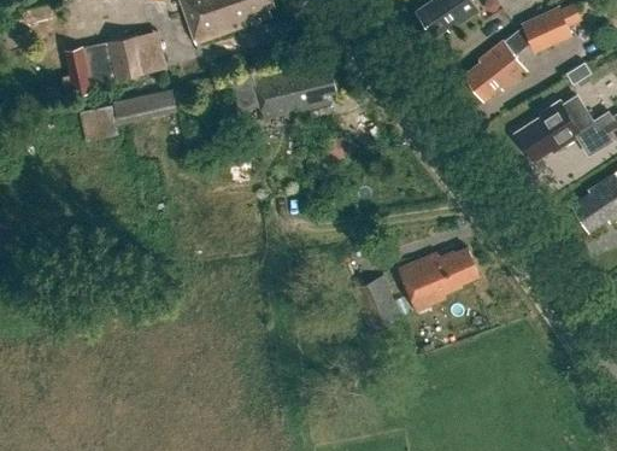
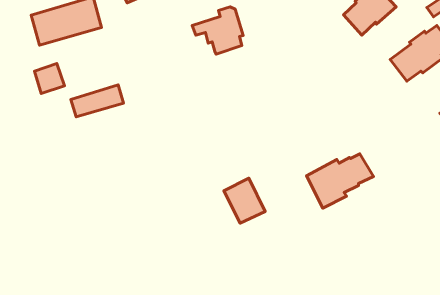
building: [229,74,301,121] -> none
building: [112,89,176,124] -> [71,85,123,117]
building: [354,276,402,330] -> [224,178,265,223]

